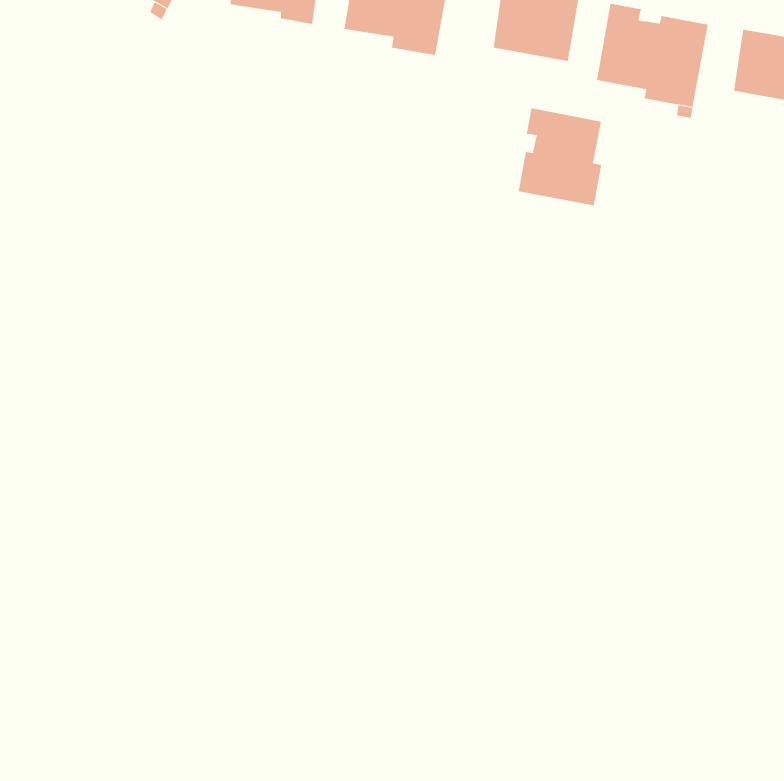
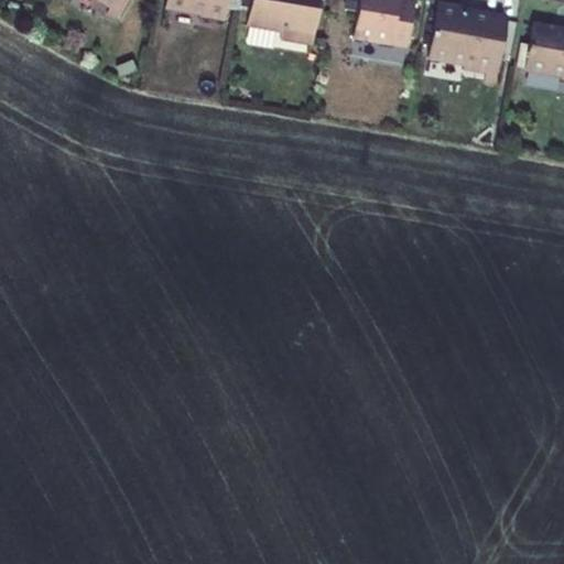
building: [518,107,602,206] -> none

